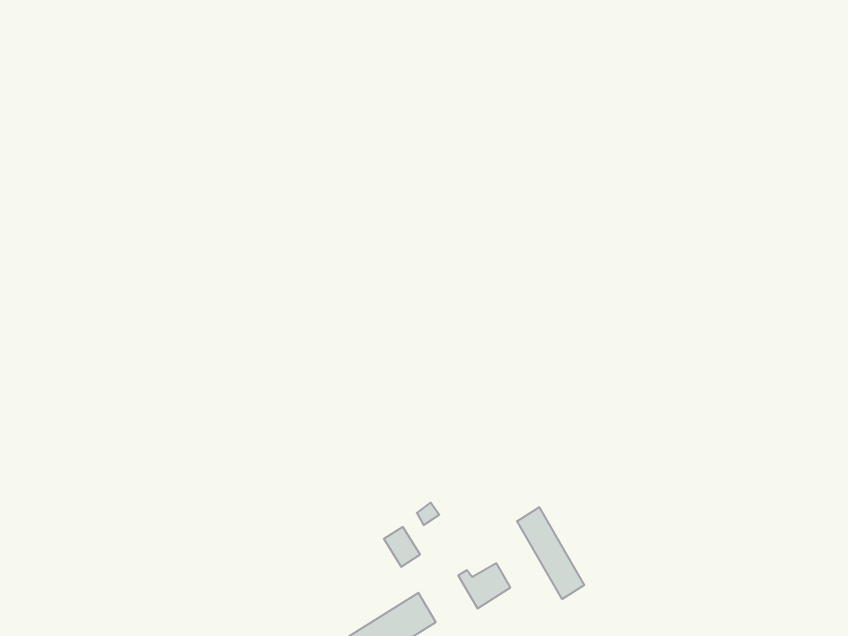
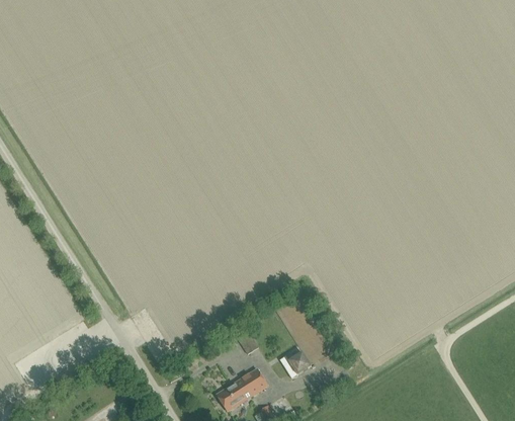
building: [517,507,584,599] -> none

